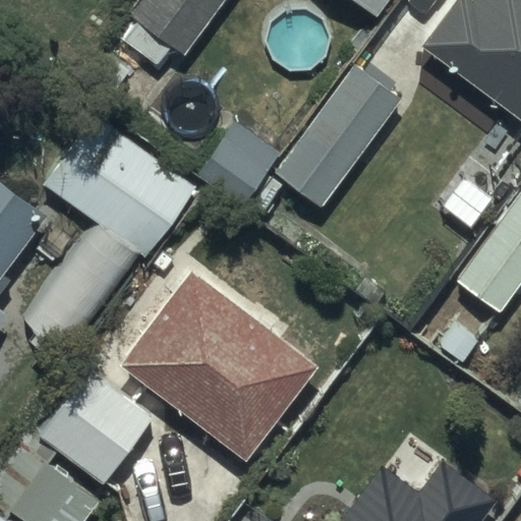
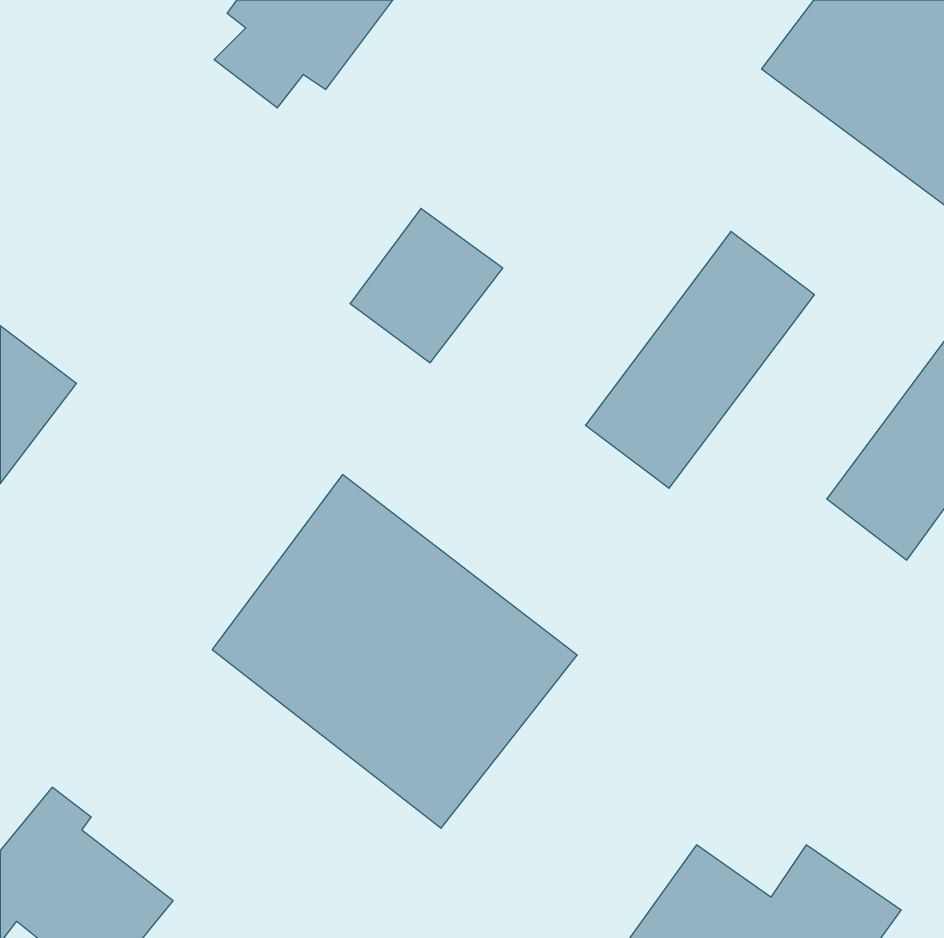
building: [274,66,399,207] -> [585,231,814,488]
building: [44,114,197,258] -> none
building: [40,368,153,484] -> none

